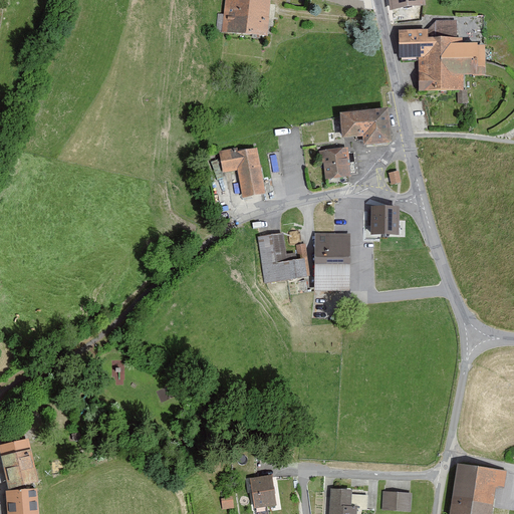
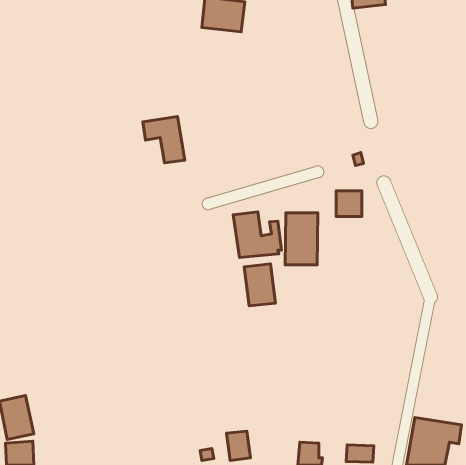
building: [399,20,485,93] -> none
building: [339,110,391,149] -> none
building: [217,146,263,197] -> [143,116,185,163]
building: [319,149,349,178] -> none
building: none -> [244,264,275,306]

